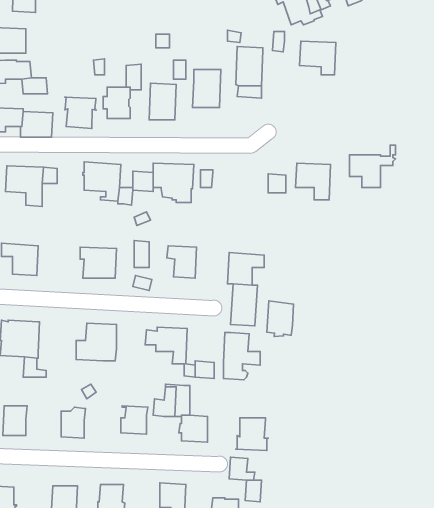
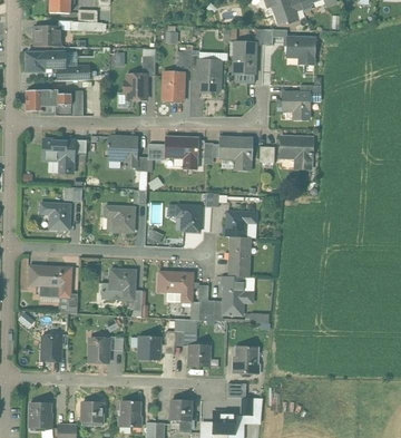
building: [65,97,96,129] -> none
building: [350,145,396,187] -> [283,84,321,118]
building: none -> [221,136,252,167]
building: [267,301,293,336] -> none

